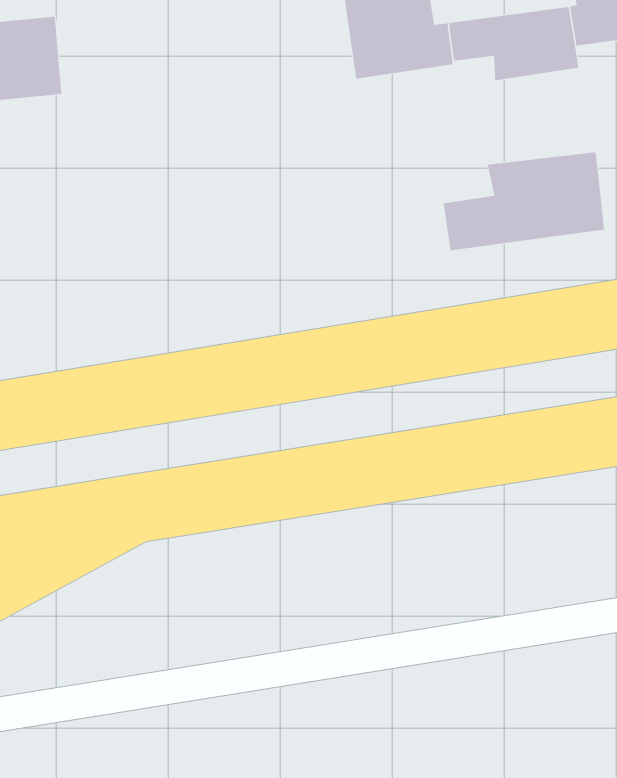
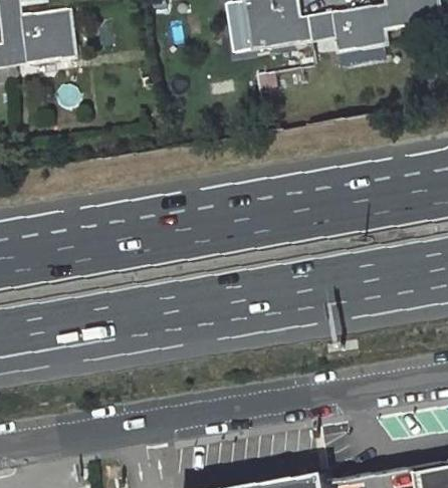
building: [443,151,605,251] -> none

